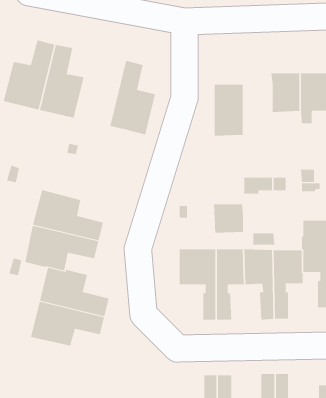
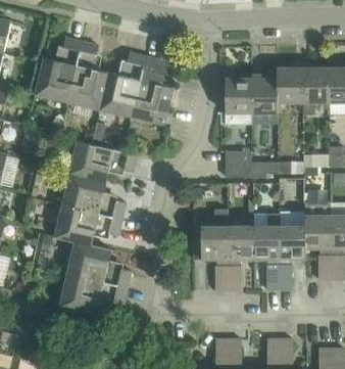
building: none -> [100,52,146,116]
building: none -> [252,78,279,112]
building: none -> [70,140,138,182]
building: [213,204,244,233] -> [225,151,252,178]

